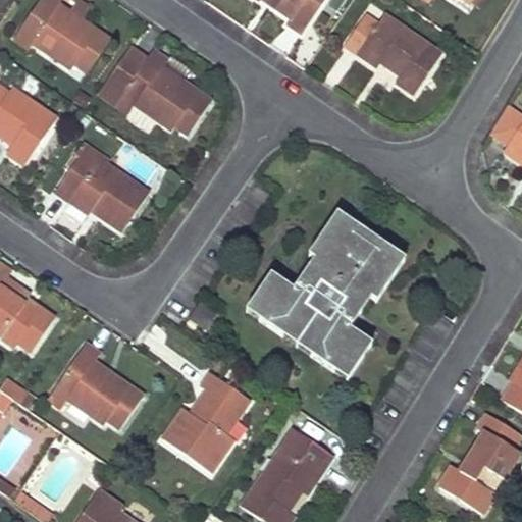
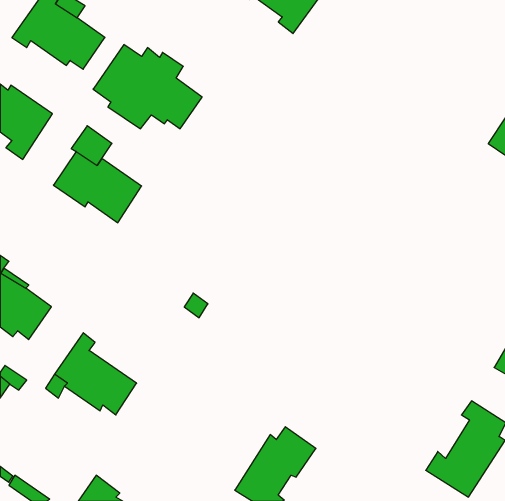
building: [346,10,441,91] -> none
building: [247,213,403,378] -> none
building: [162,373,249,469] -> none

